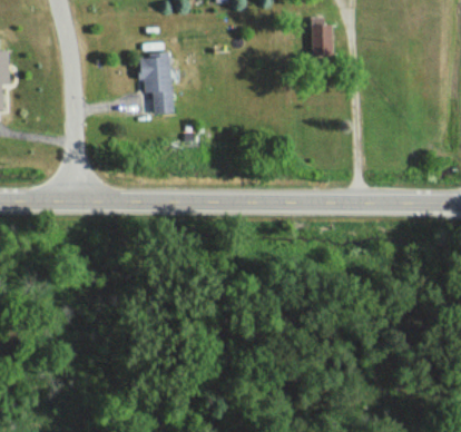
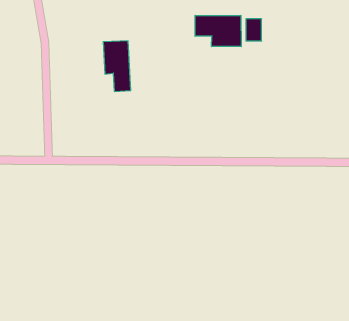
building: none -> [195,15,241,47]

